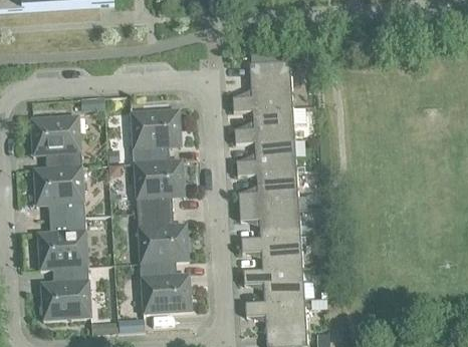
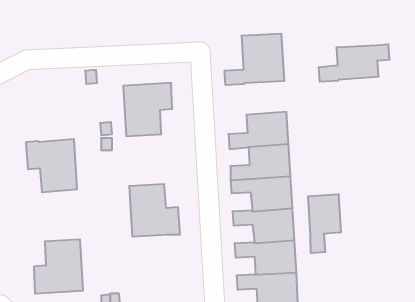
building: [234,105,305,142] -> [318,44,390,82]
building: [30,114,81,167] -> none
building: [134,158,183,212] -> none
building: [38,215,87,269] -> none
building: none -> [308,194,341,253]
building: [140,260,191,313] -> none

